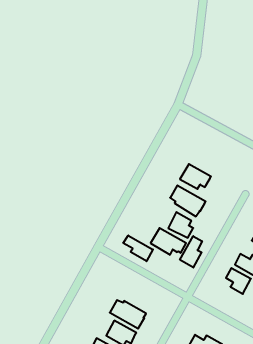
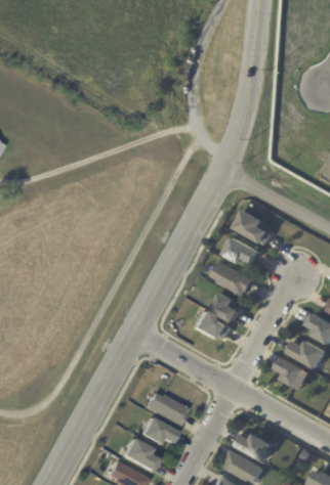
building: none -> [234,210,272,245]
building: [123,235,153,261] -> none
building: [180,236,202,268] -> none

